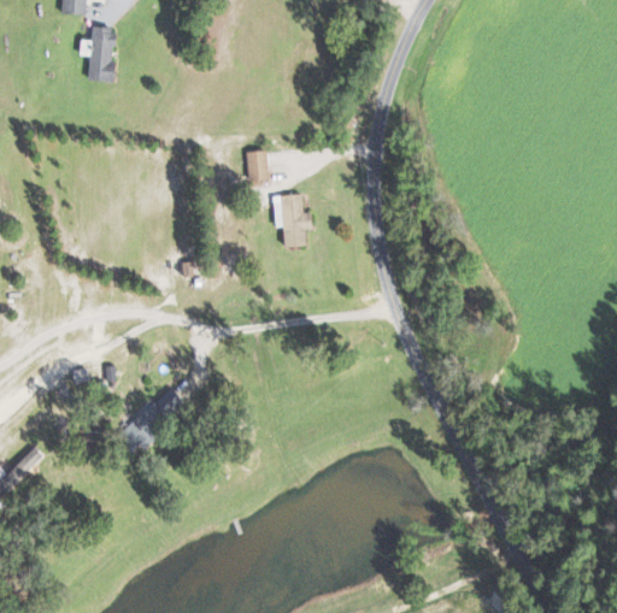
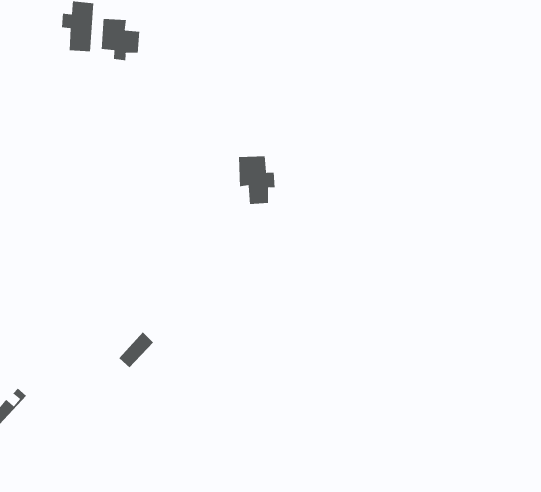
building: none -> [101,18,140,61]
building: [245,149,268,179] -> none

